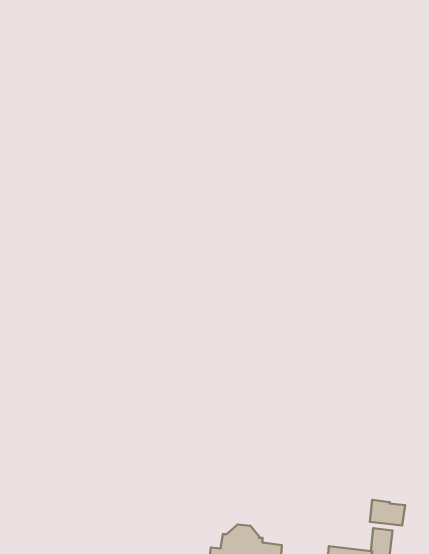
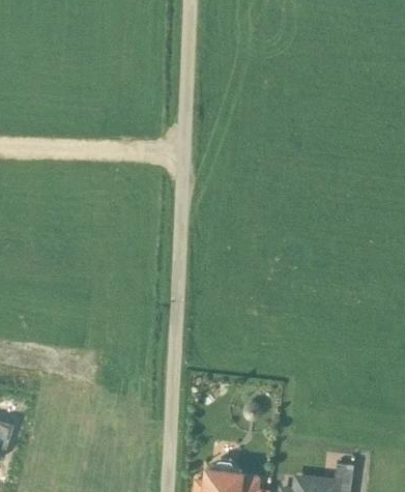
building: [370,500,405,526] -> none

